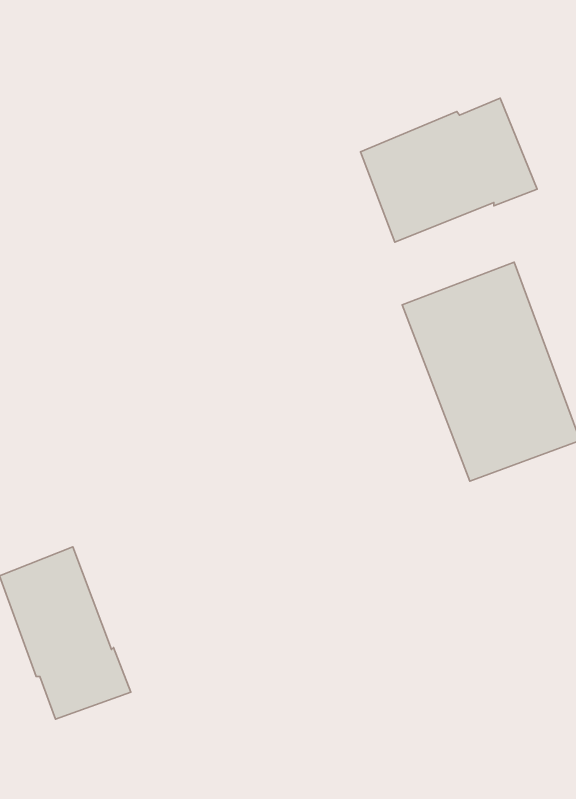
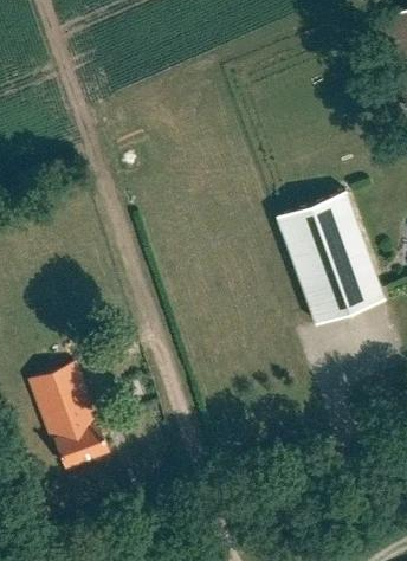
building: [360,98,537,242] -> none

